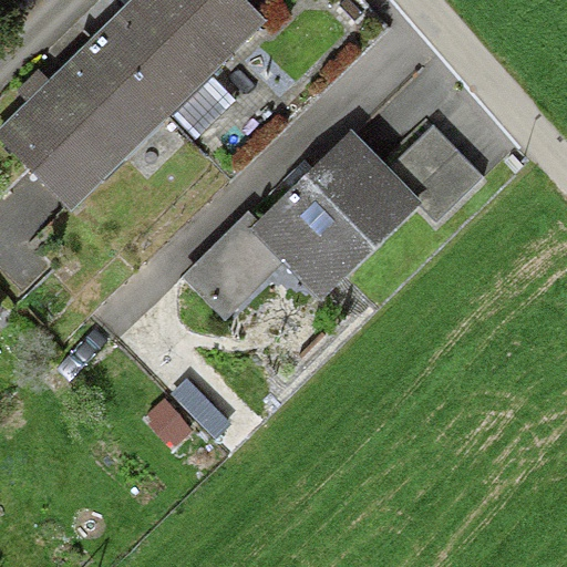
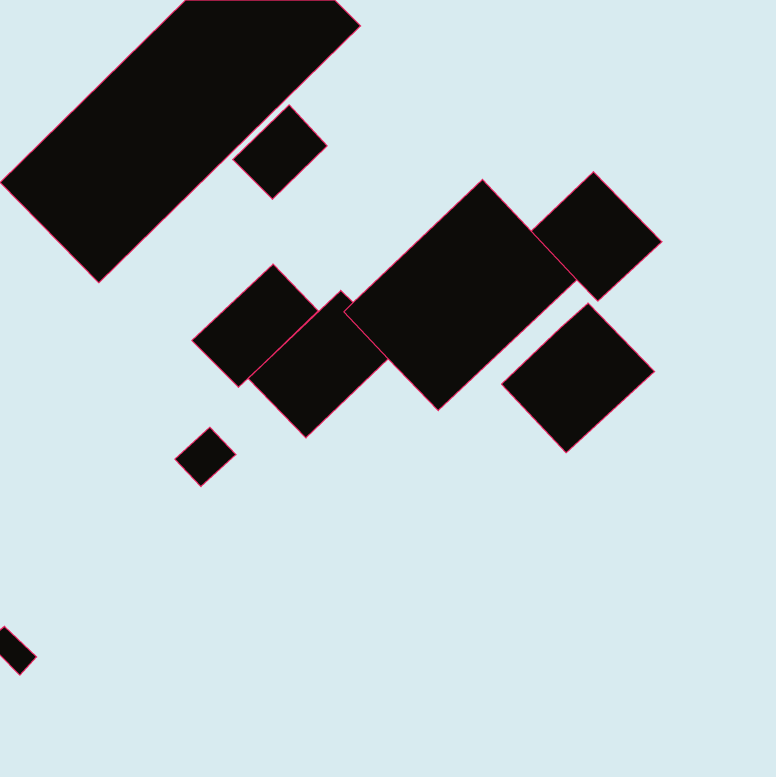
building: none -> [192,264,318,387]
building: none -> [502,303,655,453]

